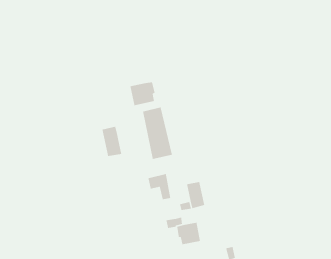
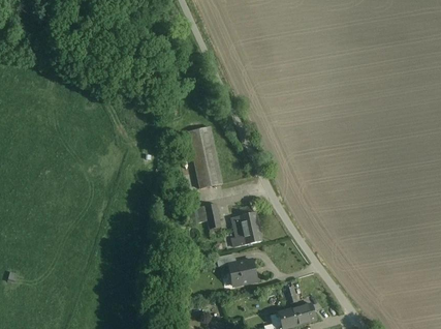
building: [129,82,155,106] -> none
building: [101,126,122,157] -> none

